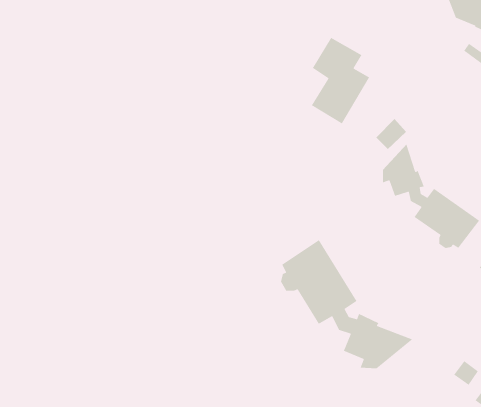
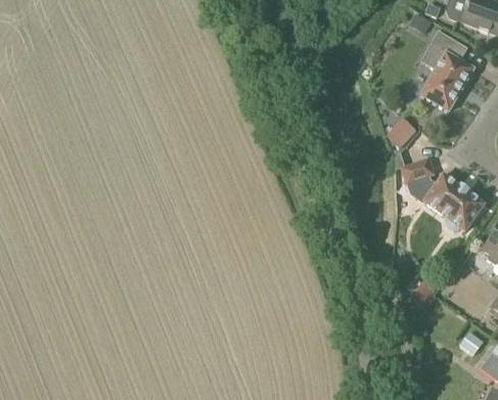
building: [311,37,370,125] -> [420,32,474,112]
building: [280,239,414,369] -> none

